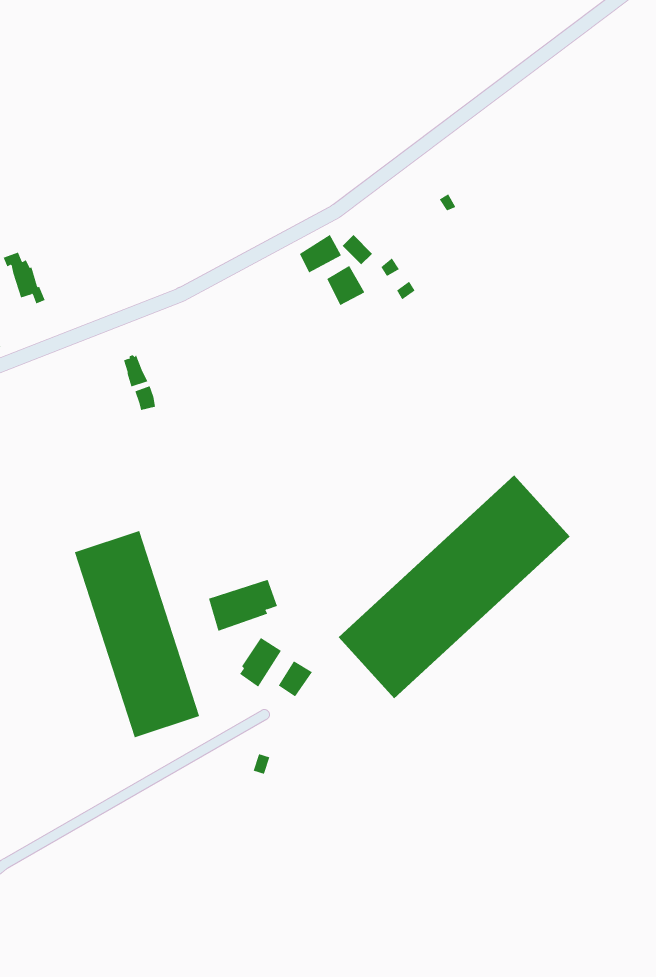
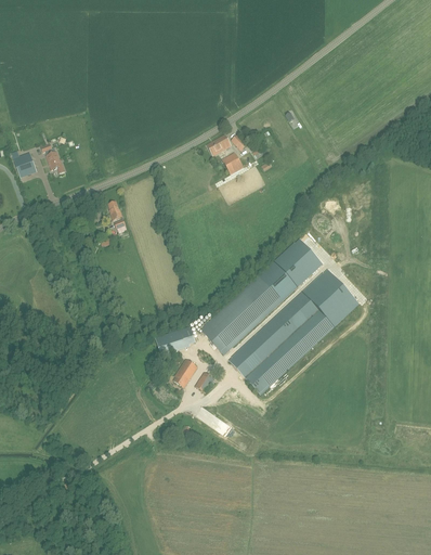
building: none -> [200,237,321,353]
building: [74,530,200,738] -> none

